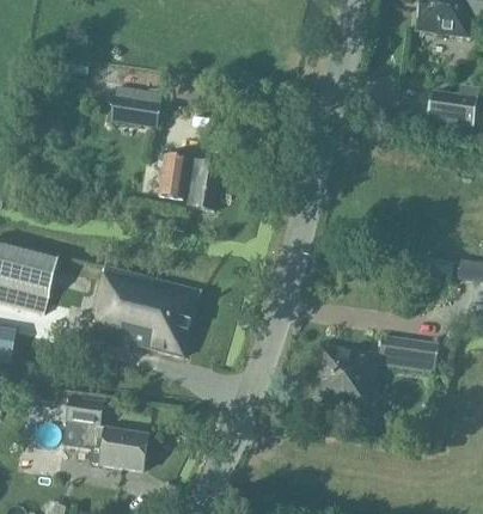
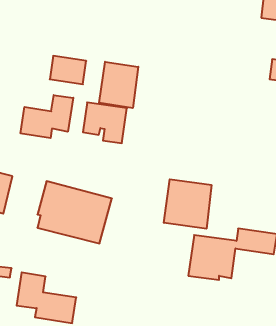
building: none -> [99,62,138,108]
building: none -> [21,95,73,138]
building: none -> [164,179,211,229]

